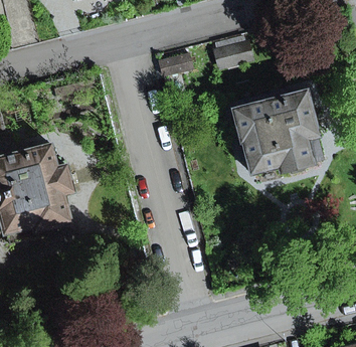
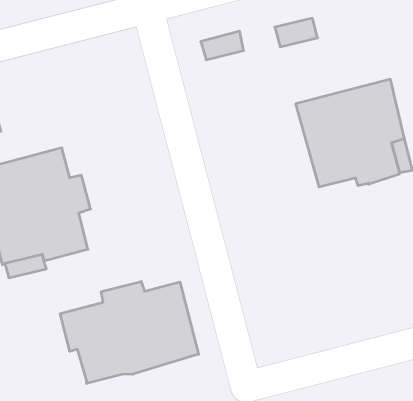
building: none -> [60,281,199,384]

